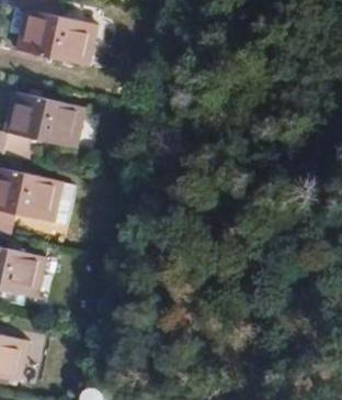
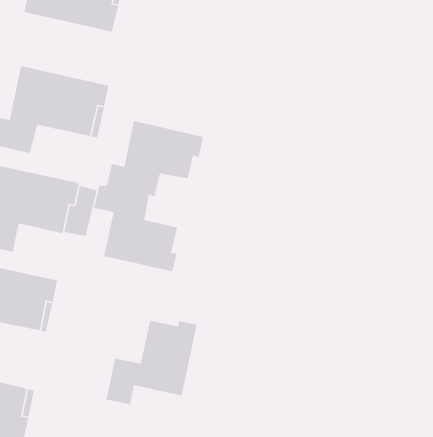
building: none -> [93,120,204,272]
building: none -> [106,320,197,406]

